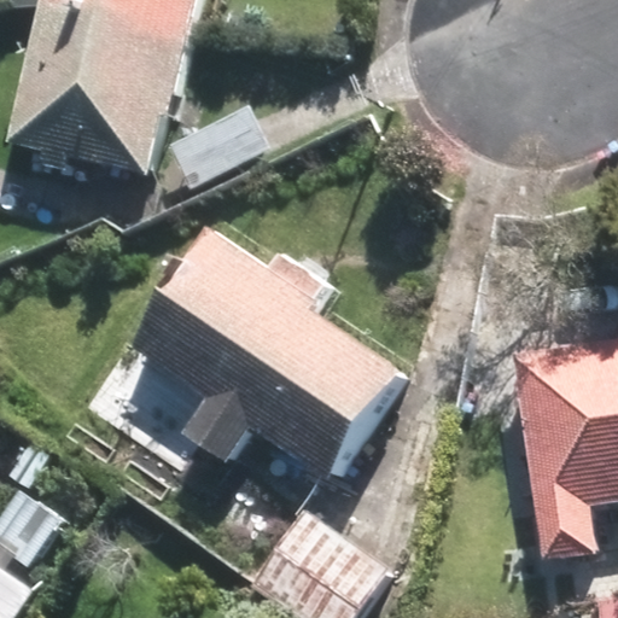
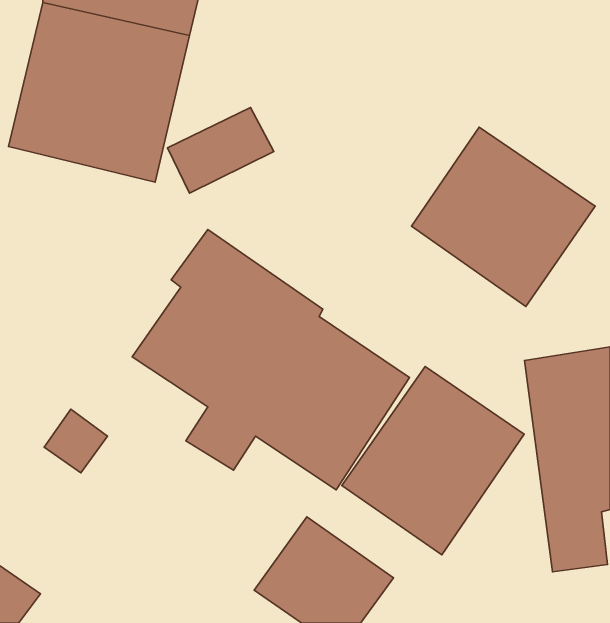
building: none -> [411,127,595,306]
building: none -> [342,367,524,555]

